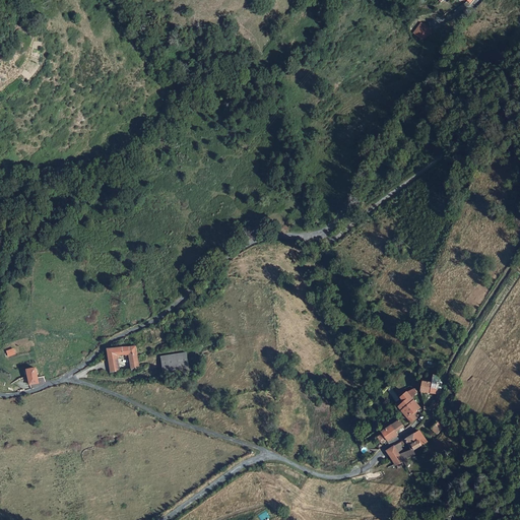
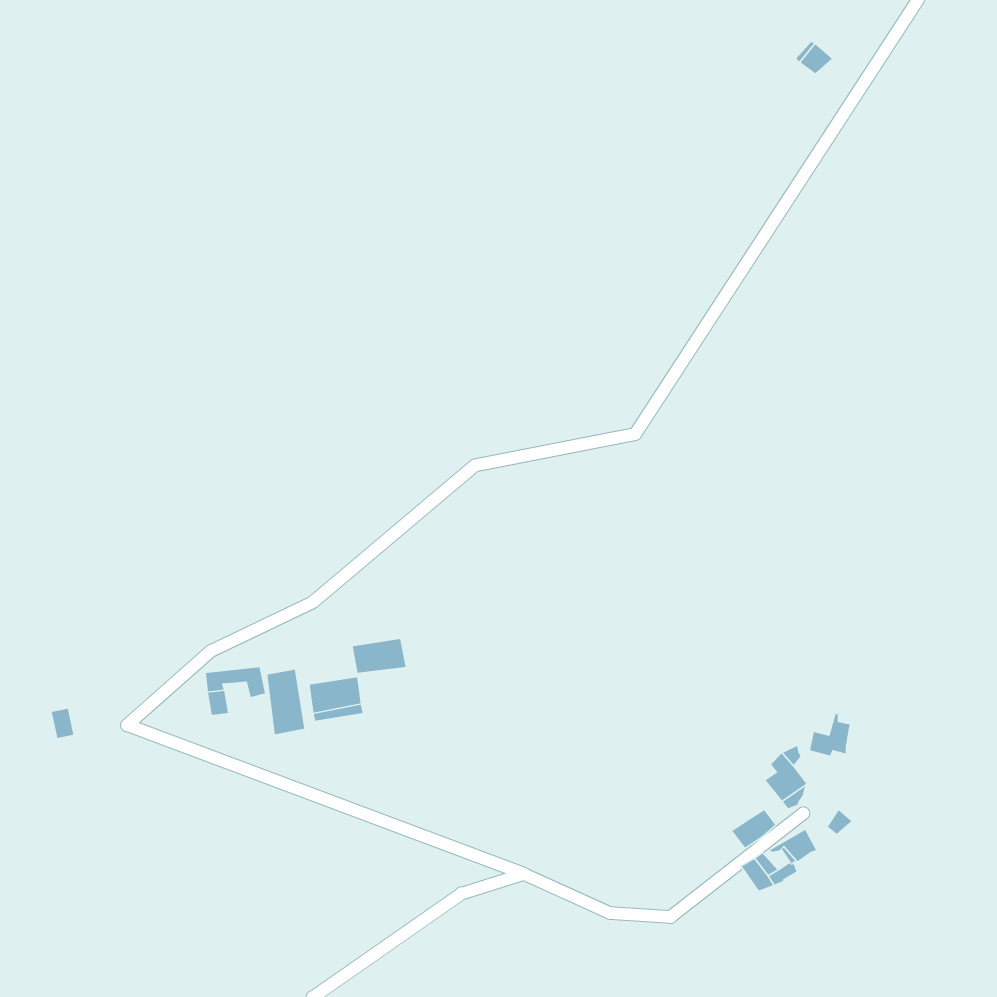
building: none -> [352,638,406,674]
building: none -> [266,669,305,735]

